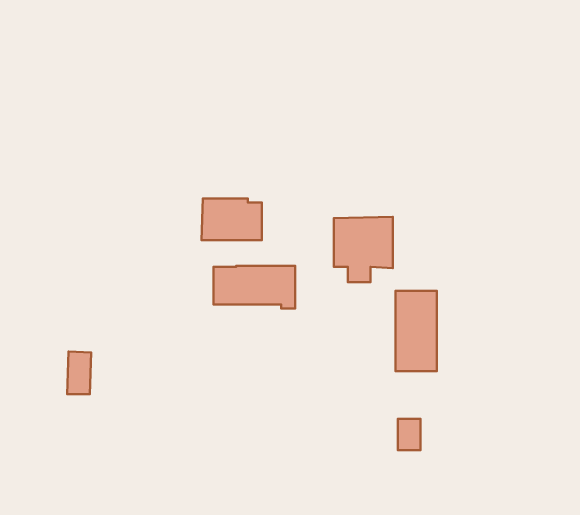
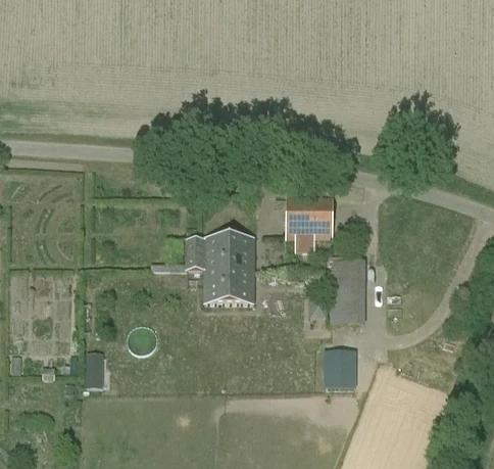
building: [202,199,262,240] -> [203,268,252,301]
building: [67,351,91,394] -> [87,349,106,384]

